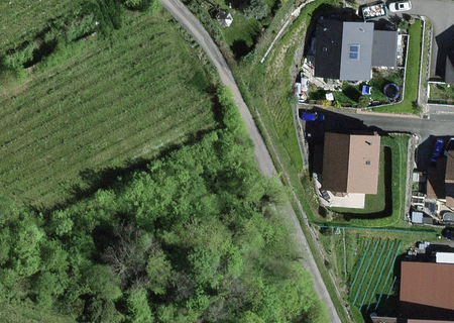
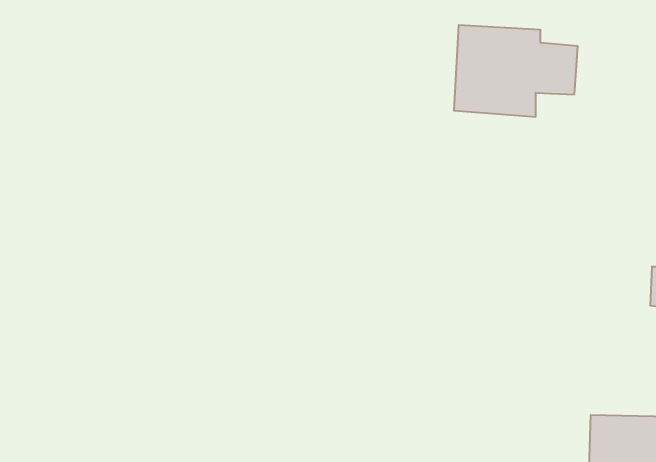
building: [317,135,379,191] -> none

